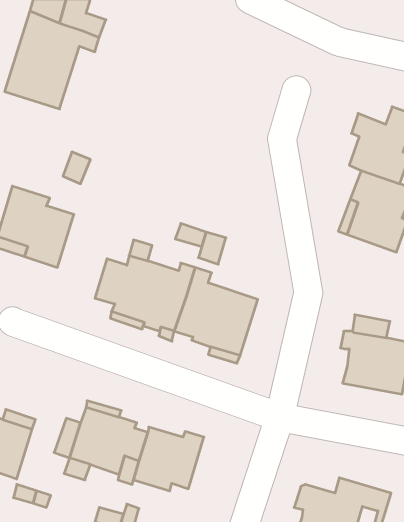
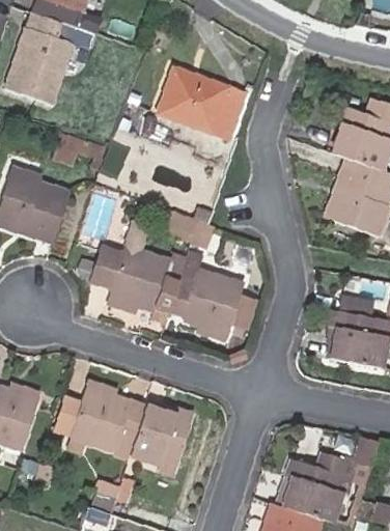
building: none -> [157,61,251,137]

